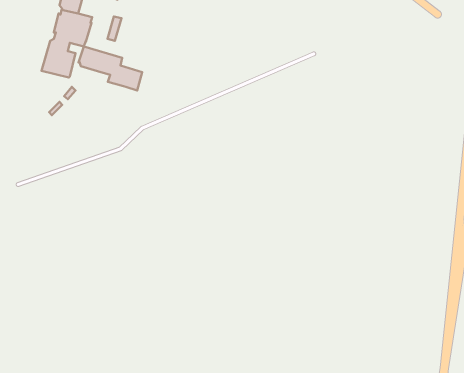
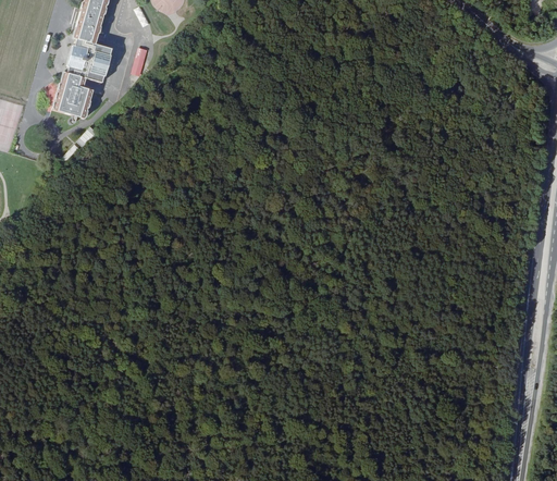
building: [78,46,142,91] -> none

